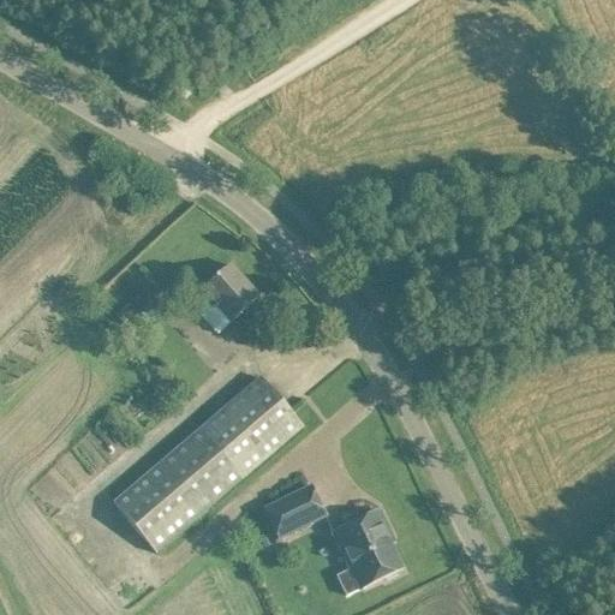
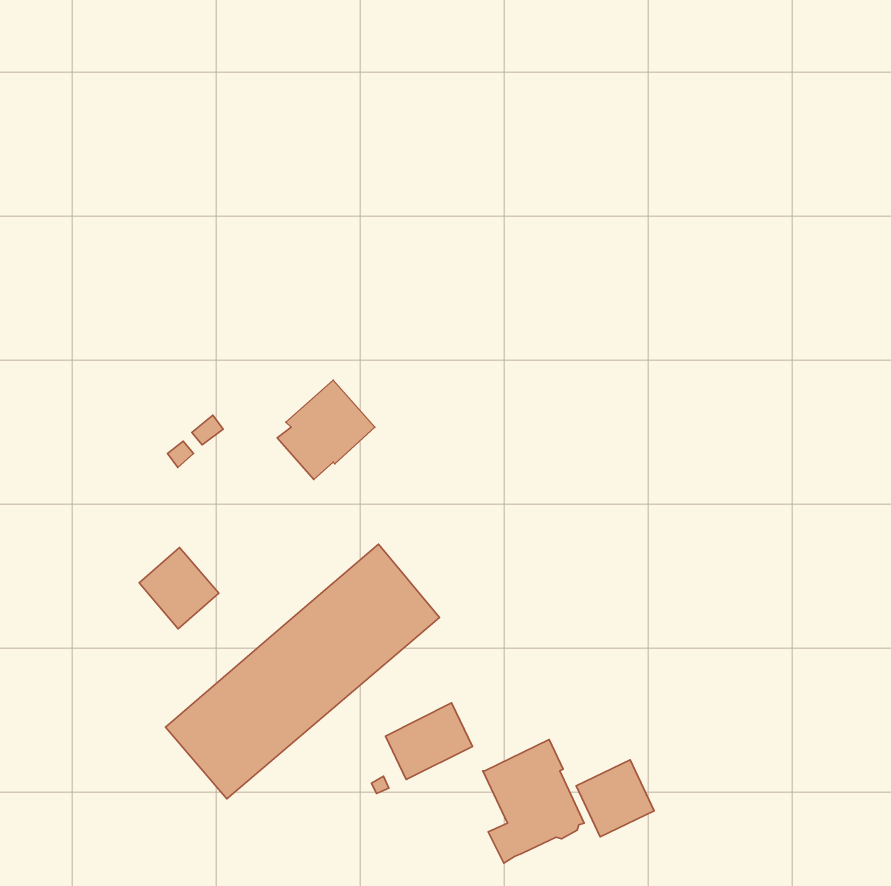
building: none -> [139,547,219,629]
building: none -> [576,760,654,837]

